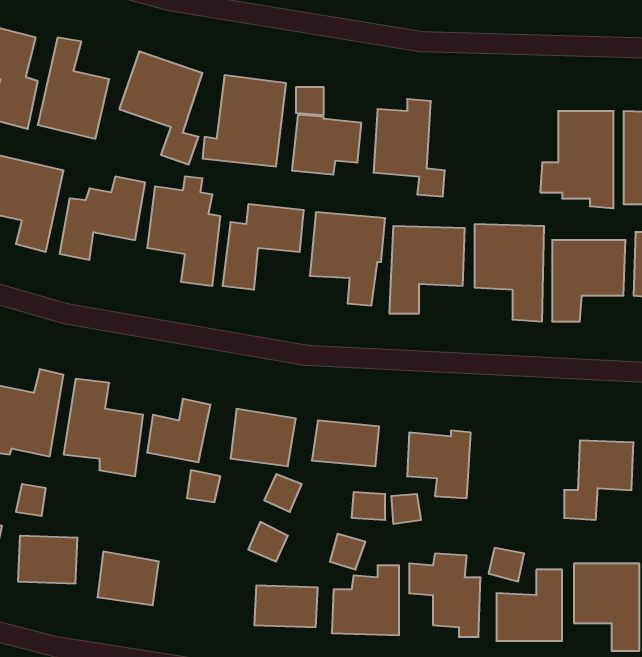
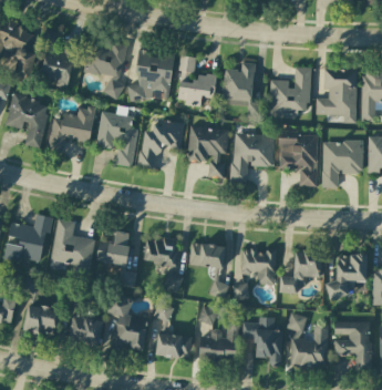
building: none -> [270,66,310,113]
building: none -> [279,249,322,292]
building: none -> [109,295,148,350]

